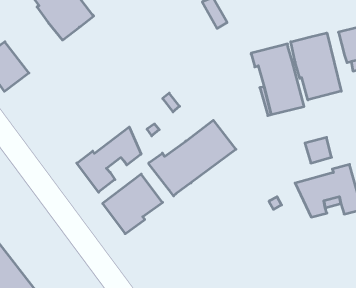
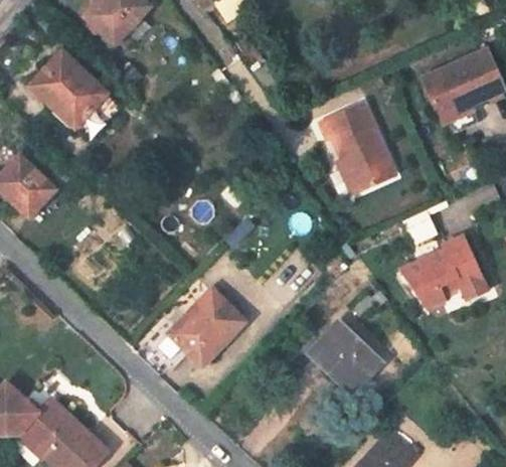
building: [291,33,341,100] -> none
building: [149,120,236,196] -> none
building: [77,127,141,192] -> none
building: none -> [310,321,378,385]

